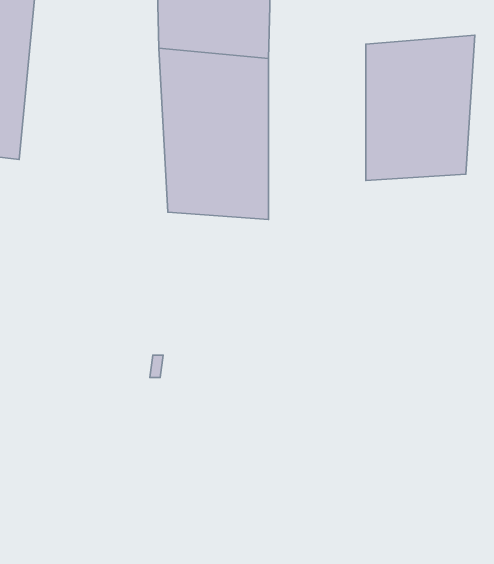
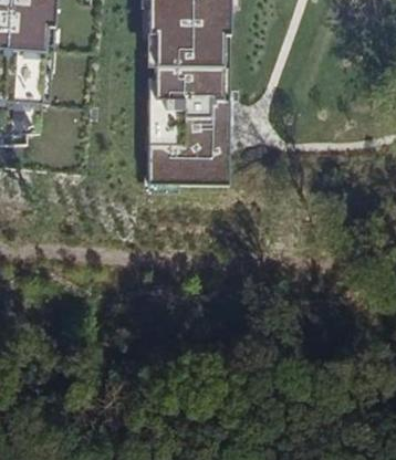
building: [366,35,475,181] -> none

